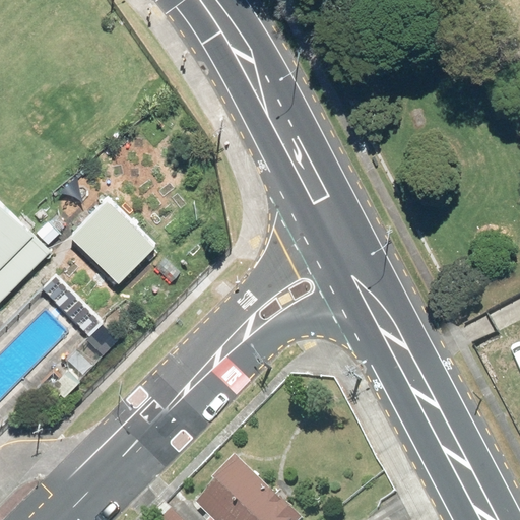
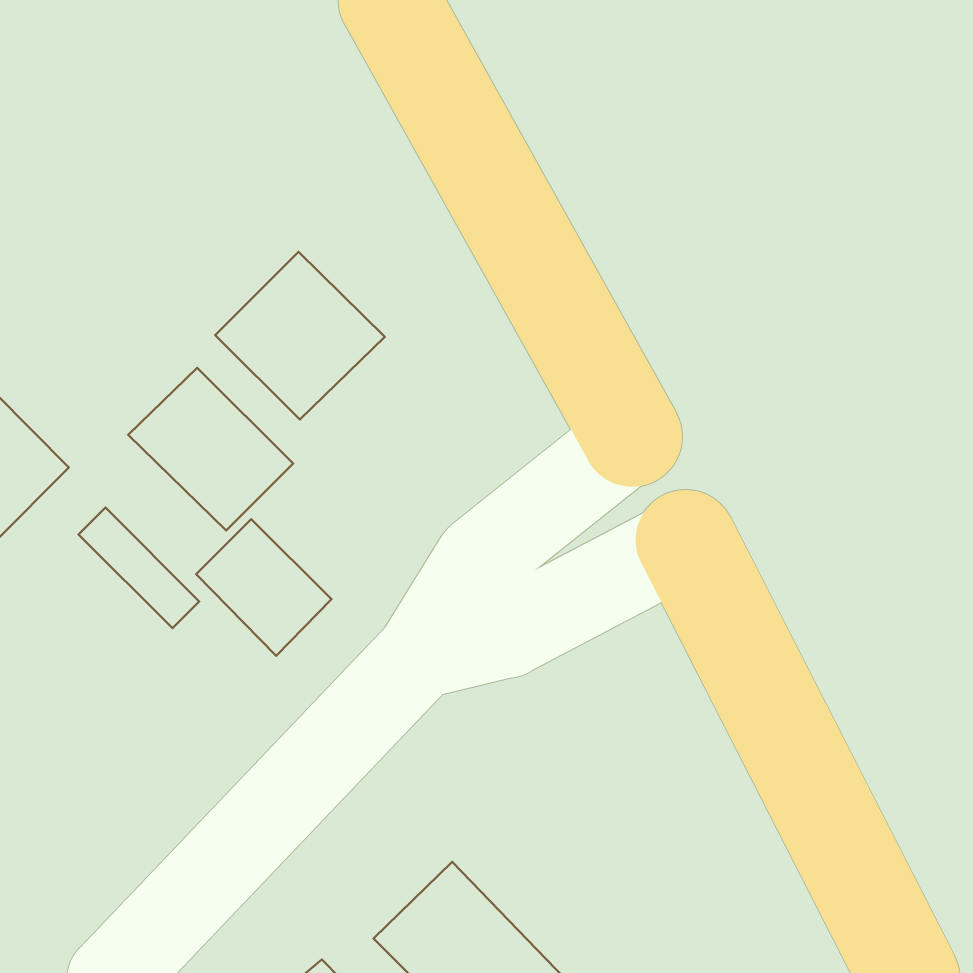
building: none -> [215,252,385,420]
building: none -> [196,519,331,656]

